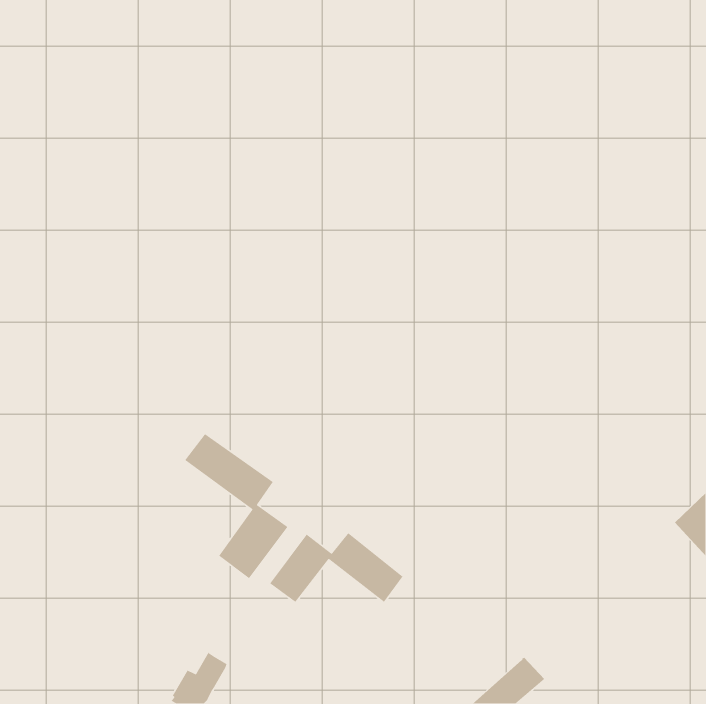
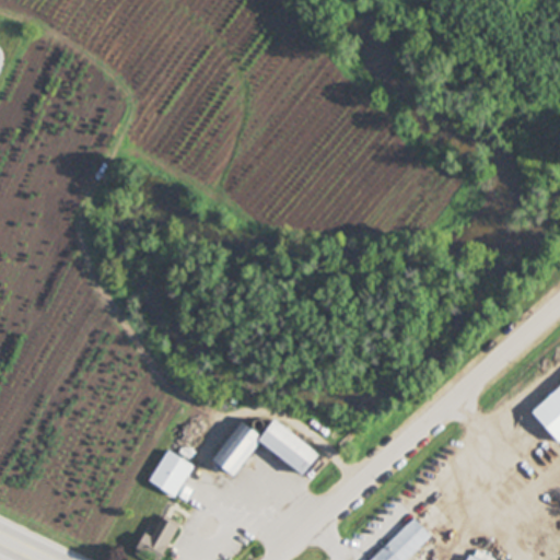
building: [184,433,288,579] -> none
building: none -> [149,451,194,497]

